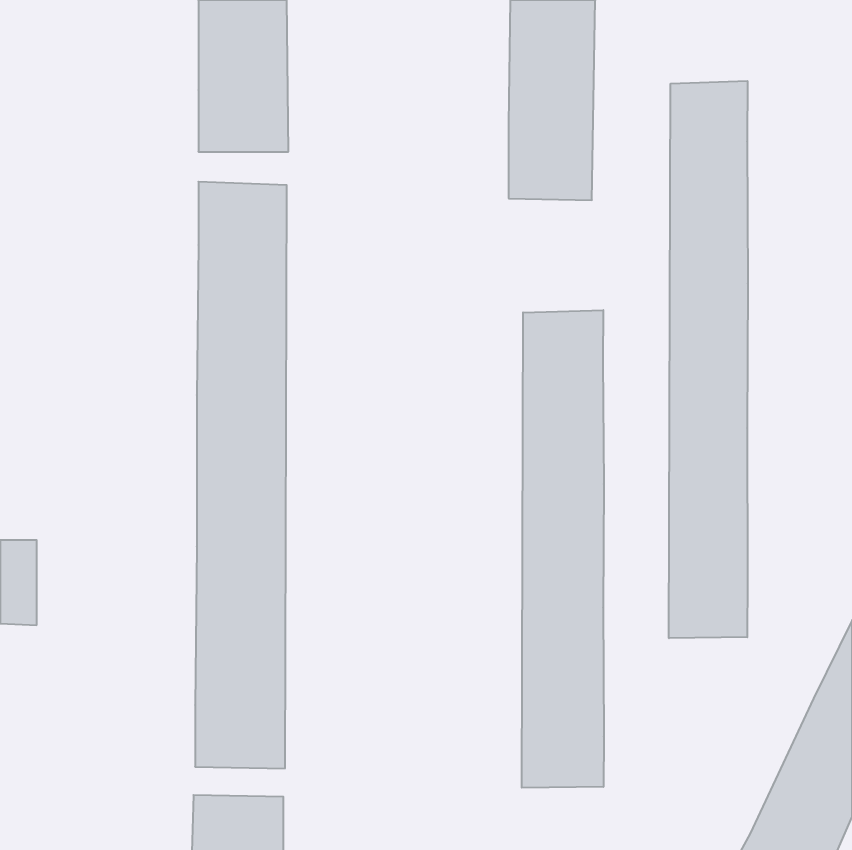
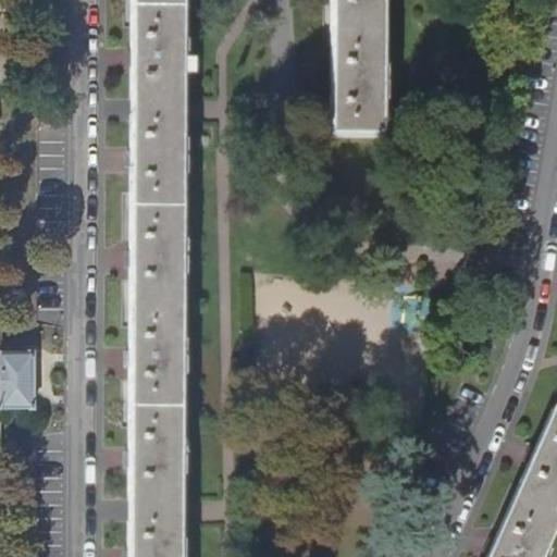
building: [669,81,748,638] -> none
building: [522,310,604,788] -> none

